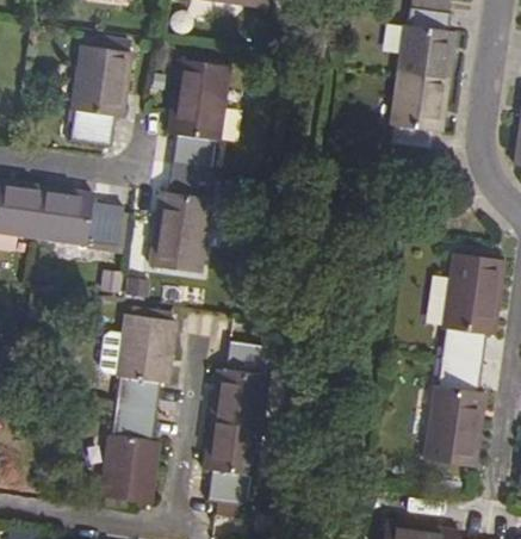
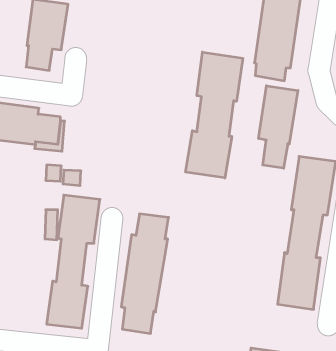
building: [148,56,229,270] -> none
building: none -> [186,52,243,178]
building: none -> [259,86,298,168]

